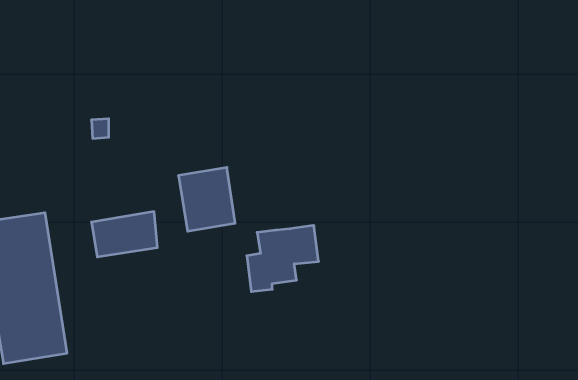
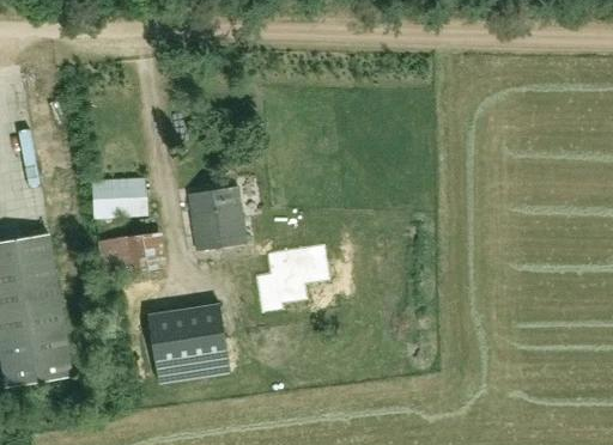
building: none -> [91,178,147,215]
building: none -> [148,303,231,380]

